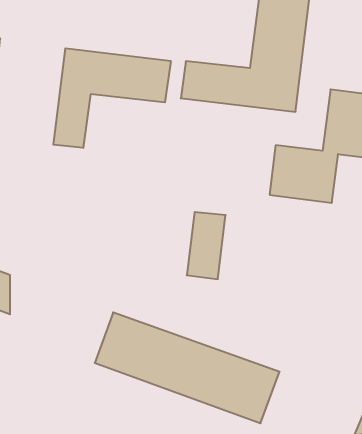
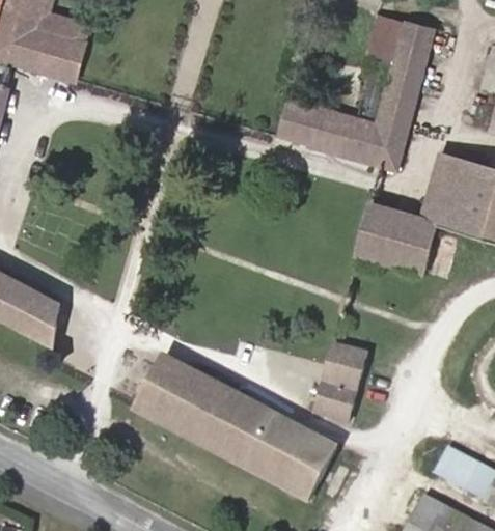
building: [53,48,171,148] -> none
building: [187,212,226,279] -> [314,344,366,421]

